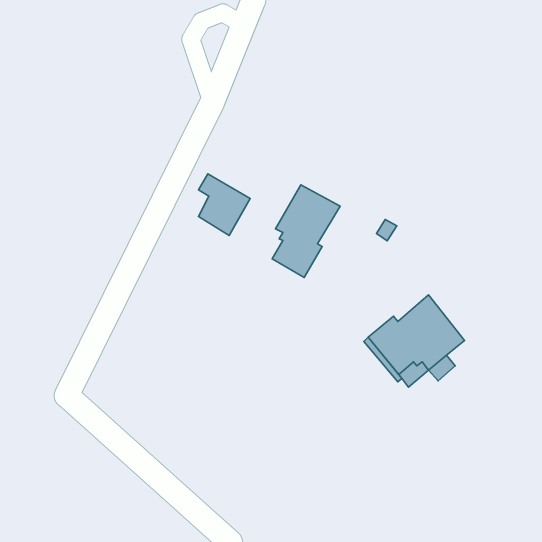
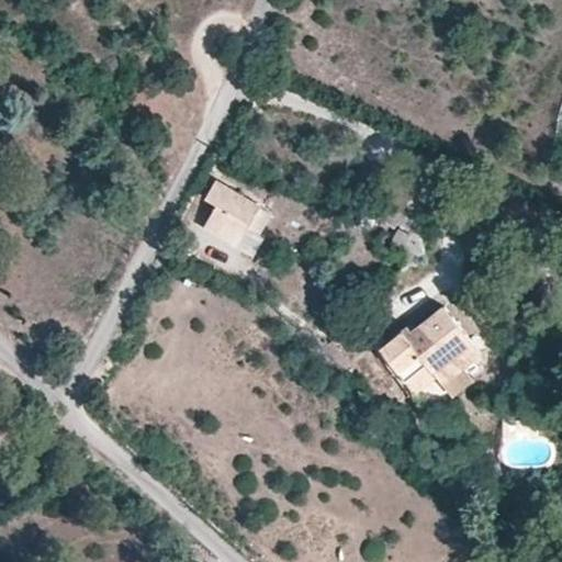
building: [272,185,340,277] -> none

